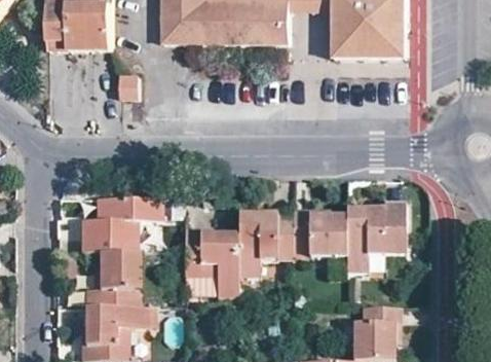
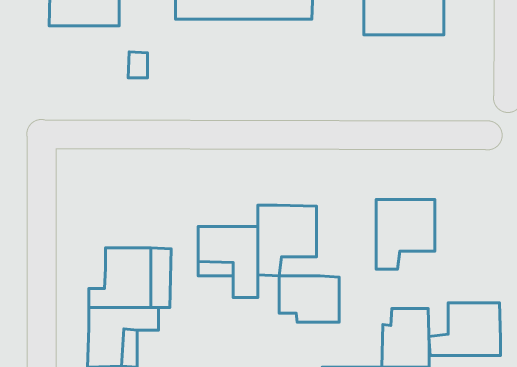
building: [79,197,163,252] -> none
building: [292,214,346,256] -> [279,276,339,322]
building: none -> [429,303,501,356]

